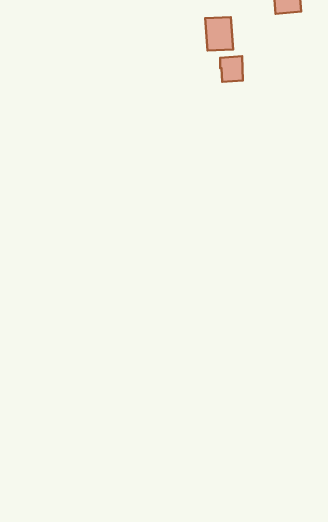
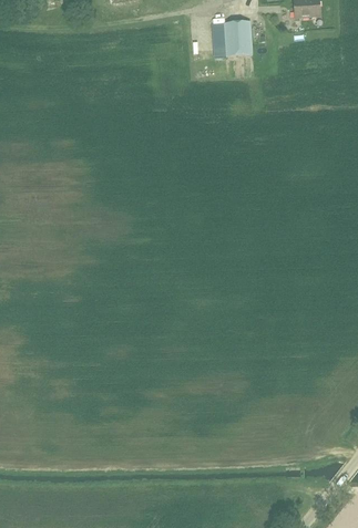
building: [220,56,243,82] -> none

